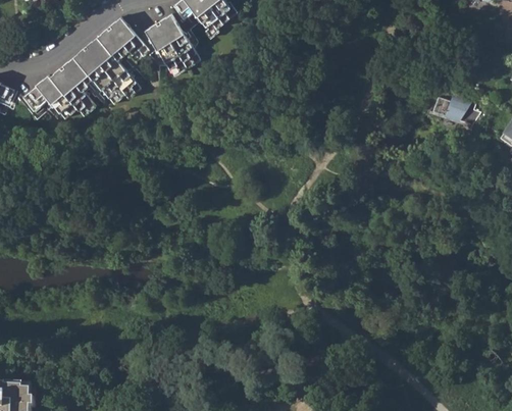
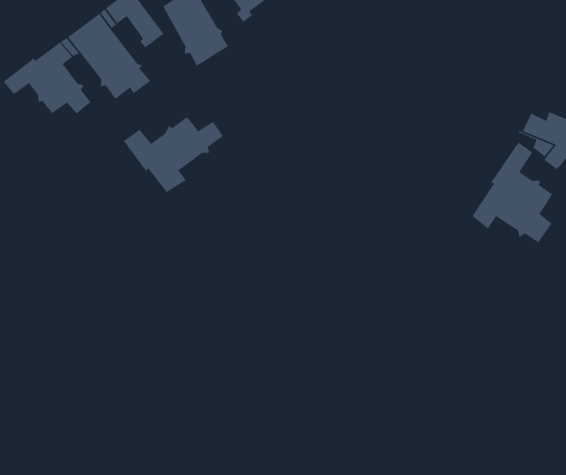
building: none -> [123,116,224,193]
building: none -> [472,142,553,244]

